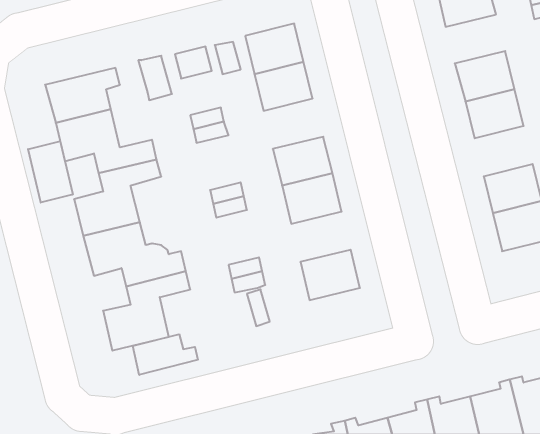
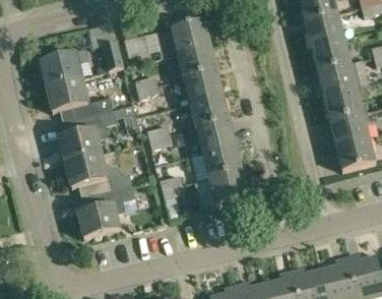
building: none -> [305,14,344,47]
building: none -> [184,70,224,104]
building: none -> [324,88,363,122]
building: [28,141,73,203] -> none
building: none -> [202,145,242,179]
building: [133,334,198,375] -> none

